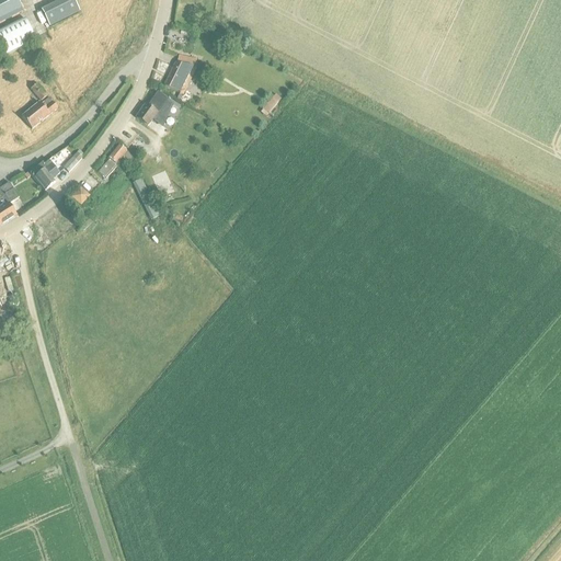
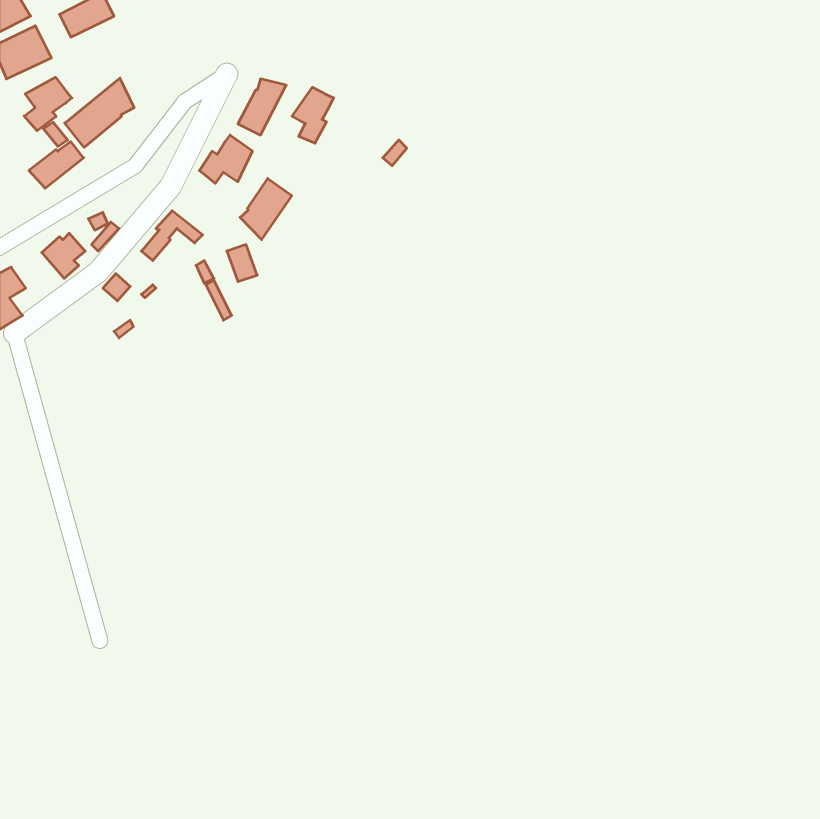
building: none -> [24,77,72,131]
building: none -> [65,78,134,147]
building: none -> [292,87,334,143]
building: none -> [240,178,292,240]

